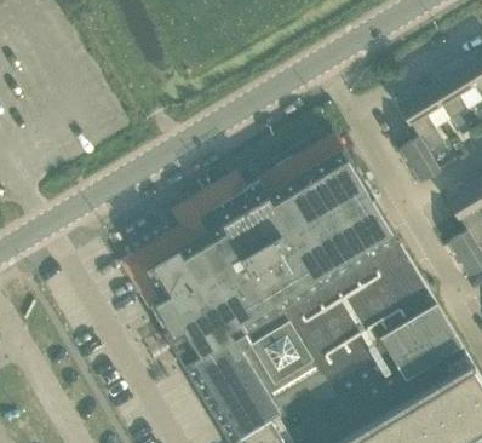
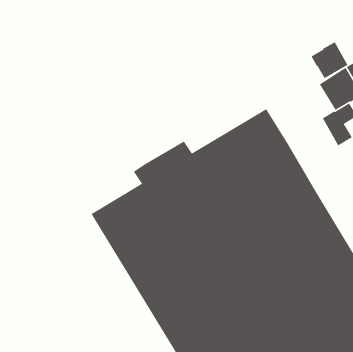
building: none -> [311,41,349,80]

